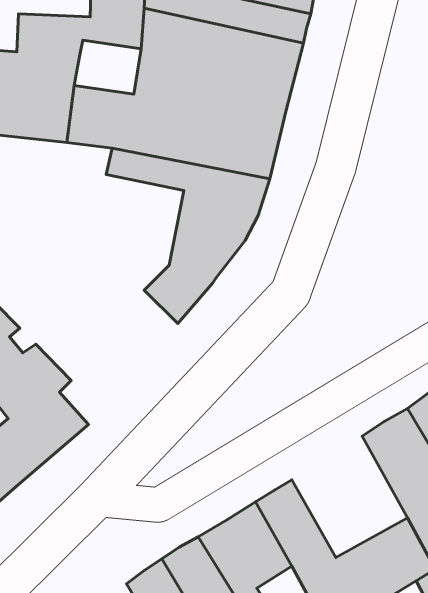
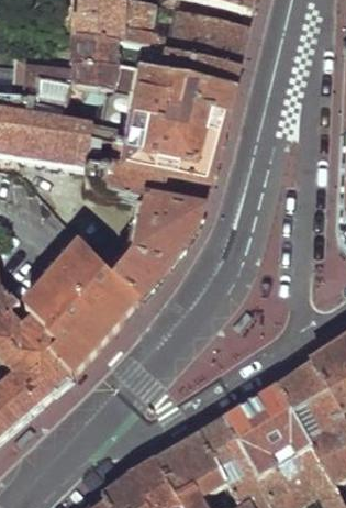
building: none -> [26,240,139,373]
building: none -> [225,382,312,473]

